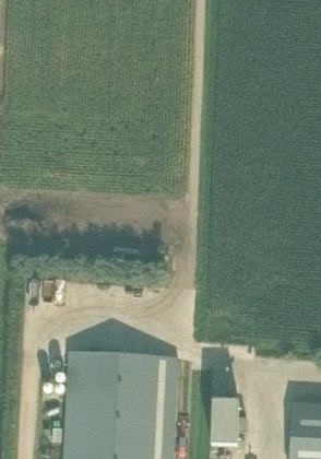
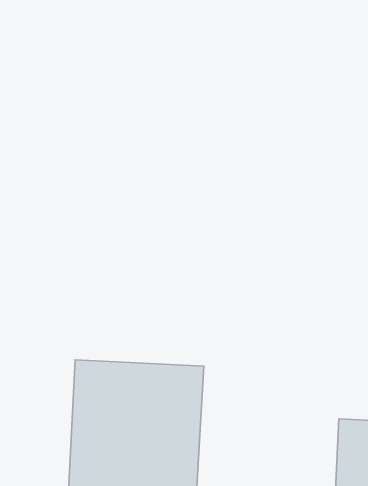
building: [212,400,239,446] -> none

